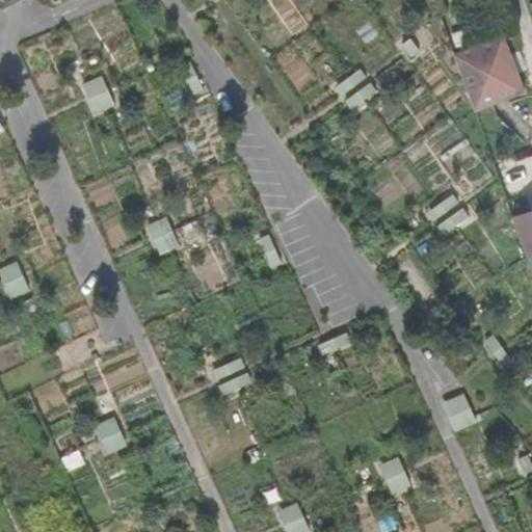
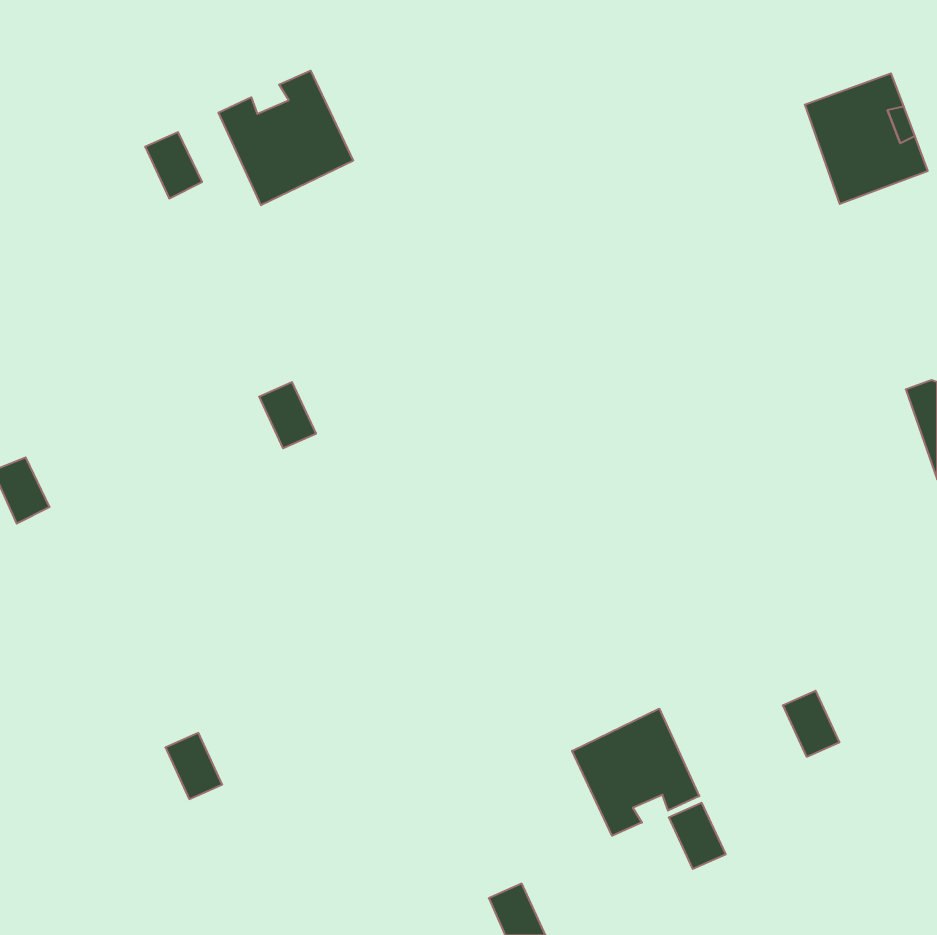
building: none -> [219,71,353,205]
building: none -> [572,709,699,836]

